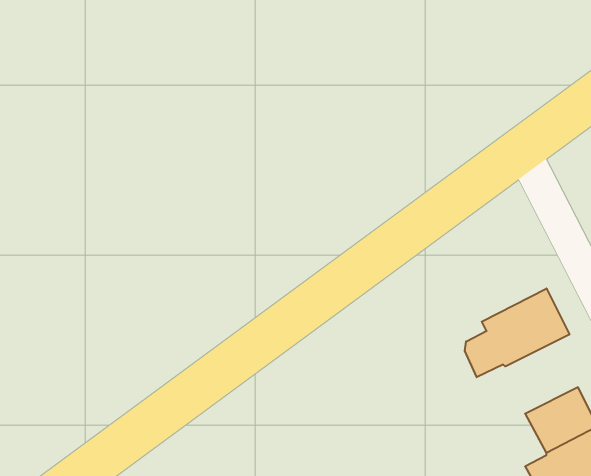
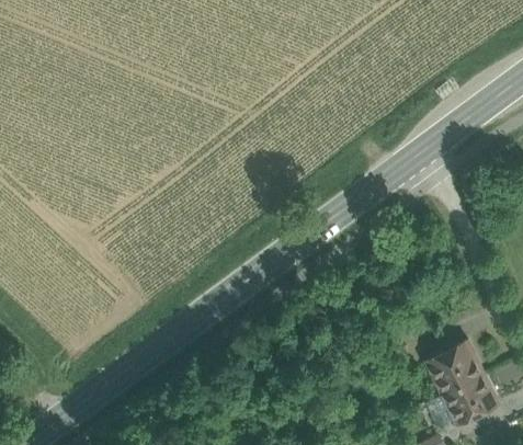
building: [465,288,569,377] -> none

